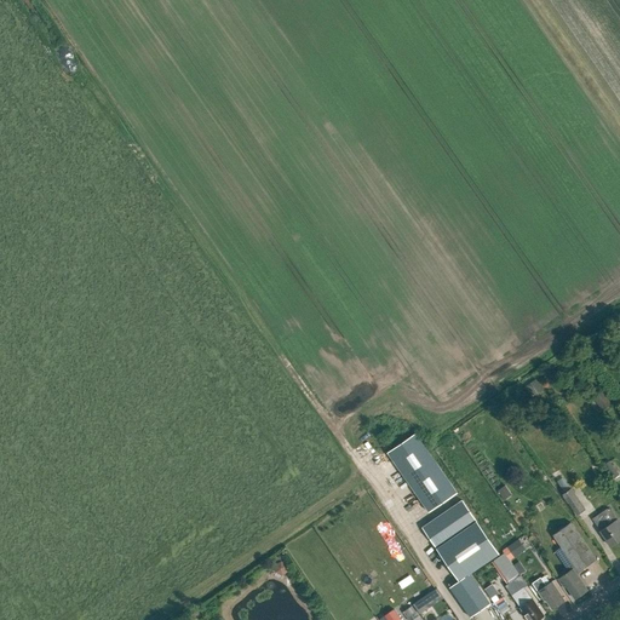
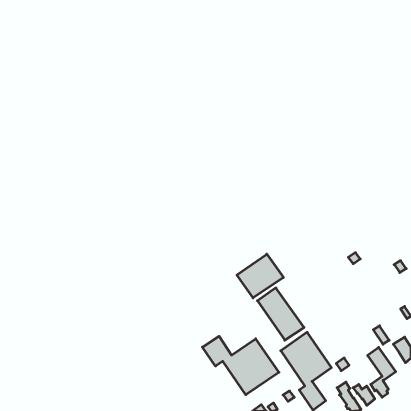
building: none -> [237,254,283,298]
building: none -> [202,336,279,395]

